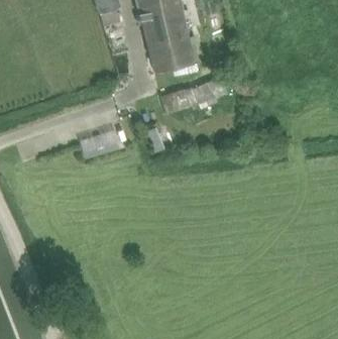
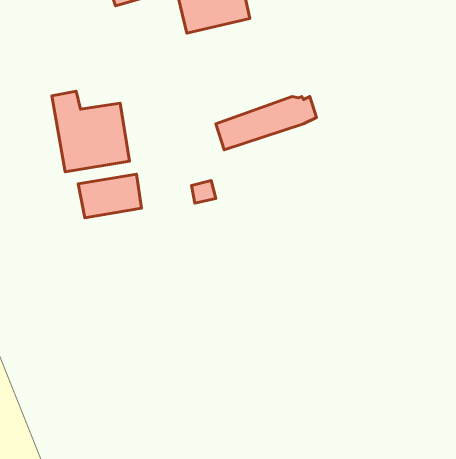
building: [146,33,193,73] -> none
building: none -> [52,91,129,172]

